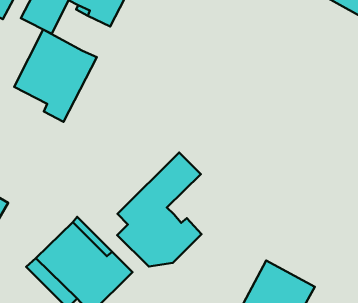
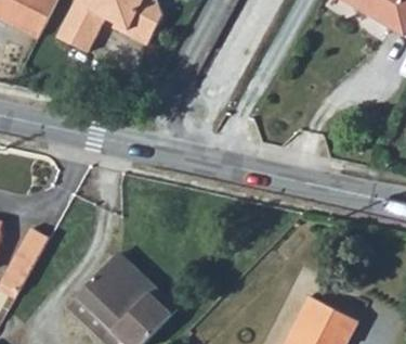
building: [14,30,97,122] -> none
building: [117,152,201,266] -> none

